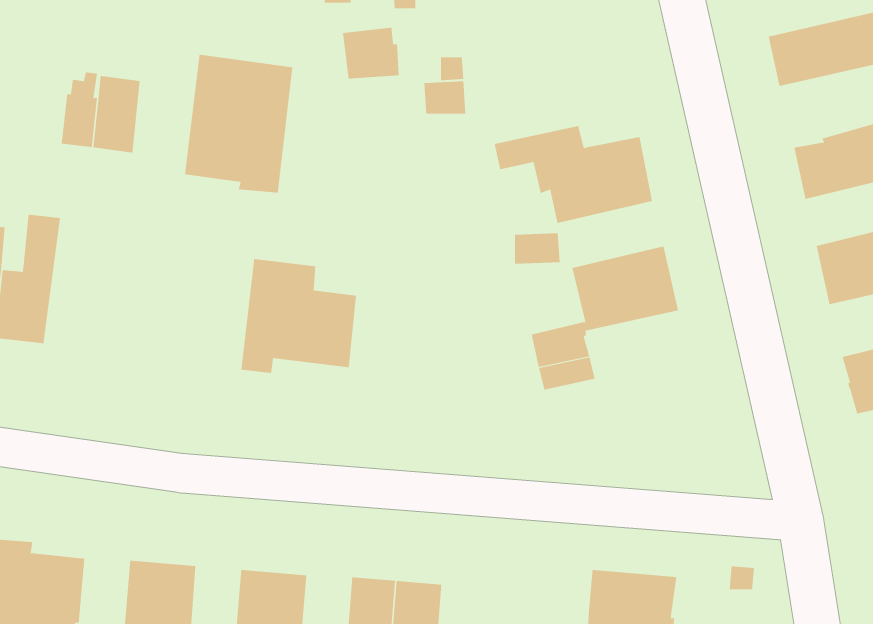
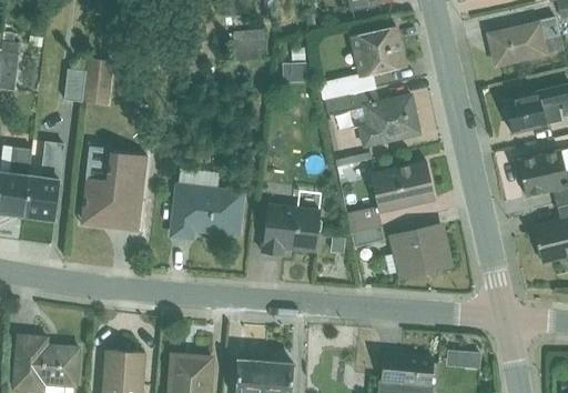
building: none -> [320,26,405,100]
building: [184,54,293,193] -> [81,147,146,230]
building: none -> [262,203,320,254]
building: none -> [385,224,449,273]

